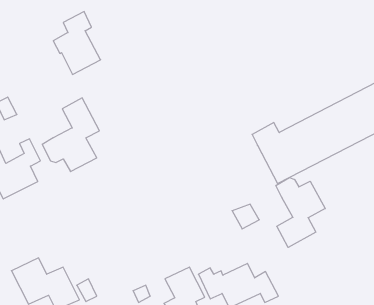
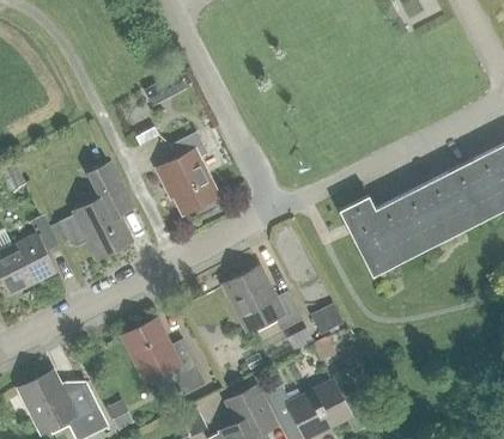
building: [53,12,101,74] -> [157,133,219,215]
building: [276,178,325,247] -> none
building: none -> [226,270,302,334]
building: none -> [125,322,207,397]

